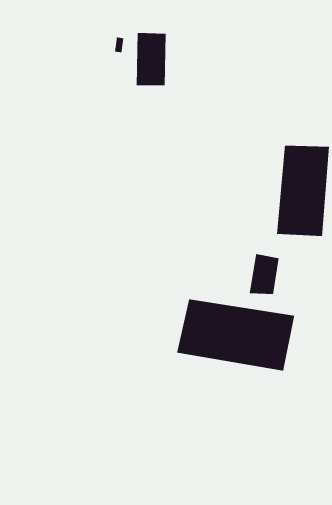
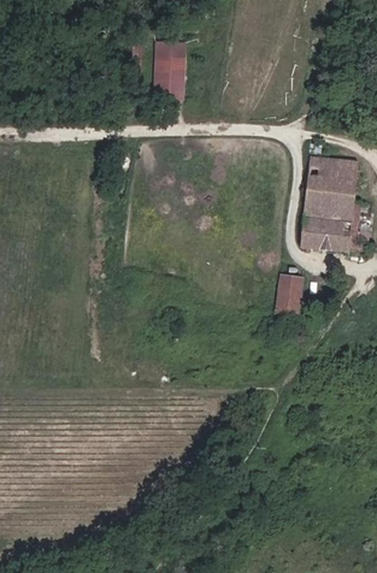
building: [176,298,295,372] -> none

